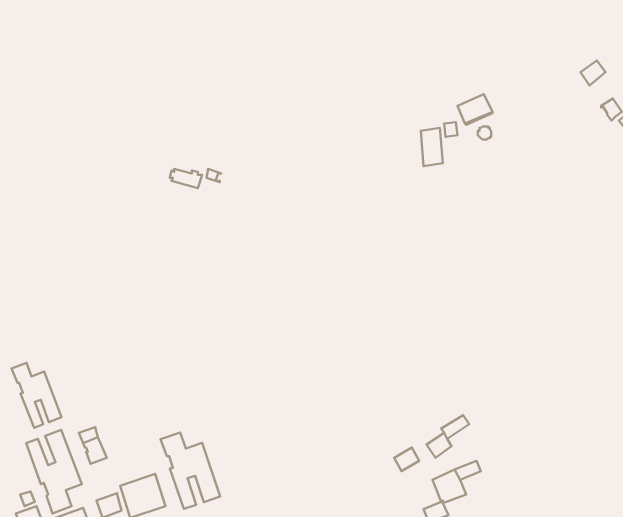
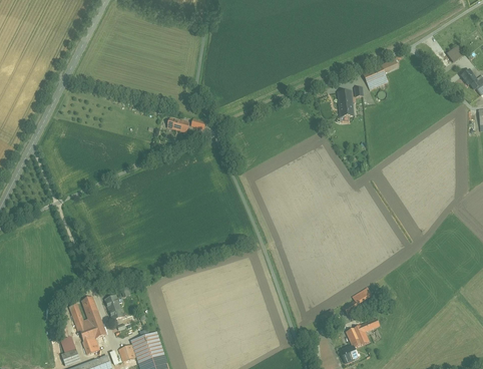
building: [11,363,61,428] -> none
building: [160,433,220,509] -> none

